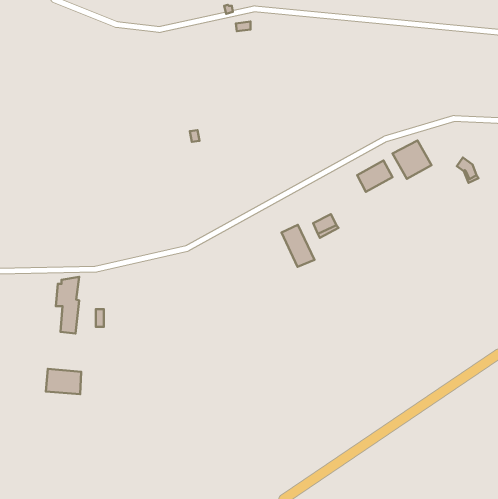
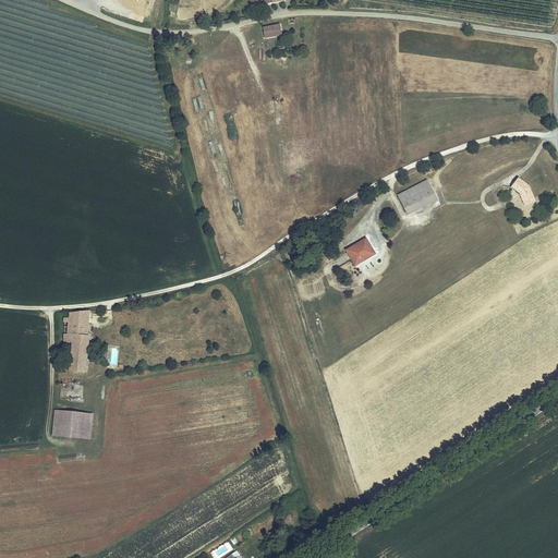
building: [393,140,431,179] -> none
building: [281,225,315,267] -> none

